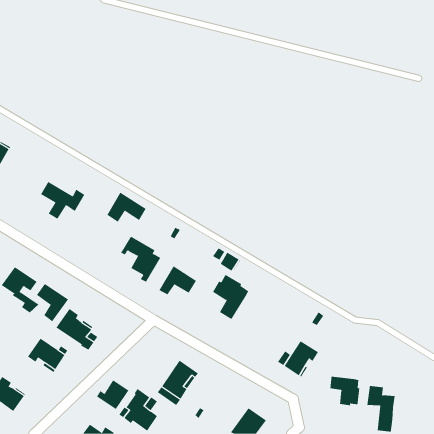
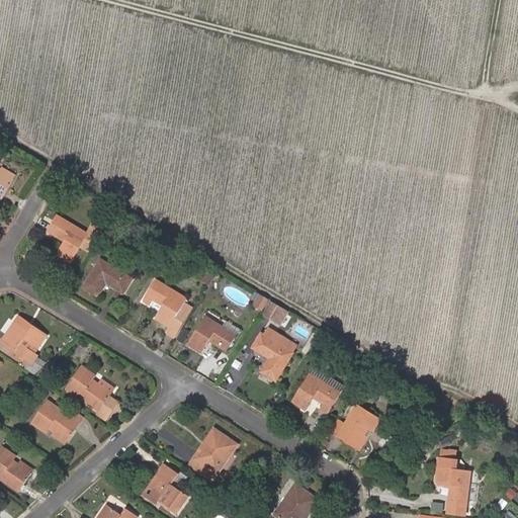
building: [106,192,146,223] -> [83,259,131,295]
building: [36,283,69,322] -> none
building: none -> [291,373,338,412]
building: [330,376,360,406] -> none
building: [96,379,129,410] -> none

